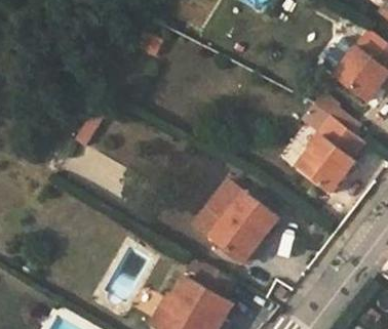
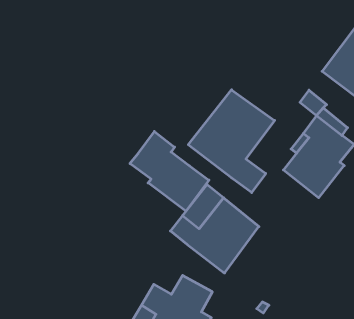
building: none -> [188,90,275,193]
building: none -> [130,131,209,211]

